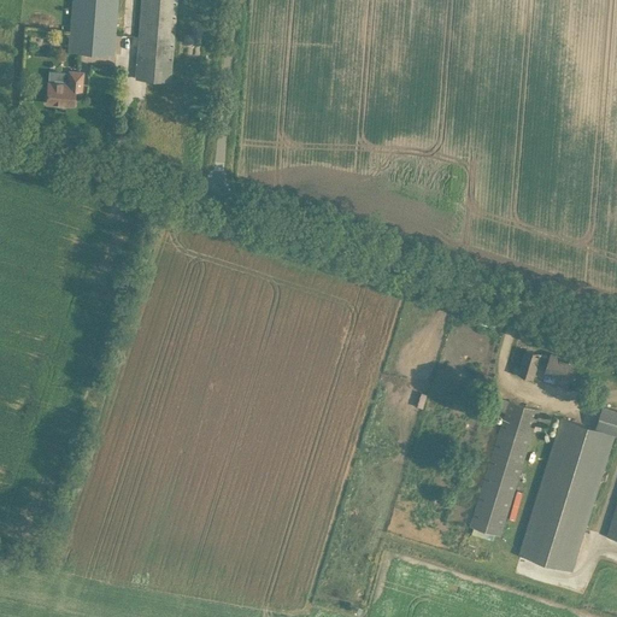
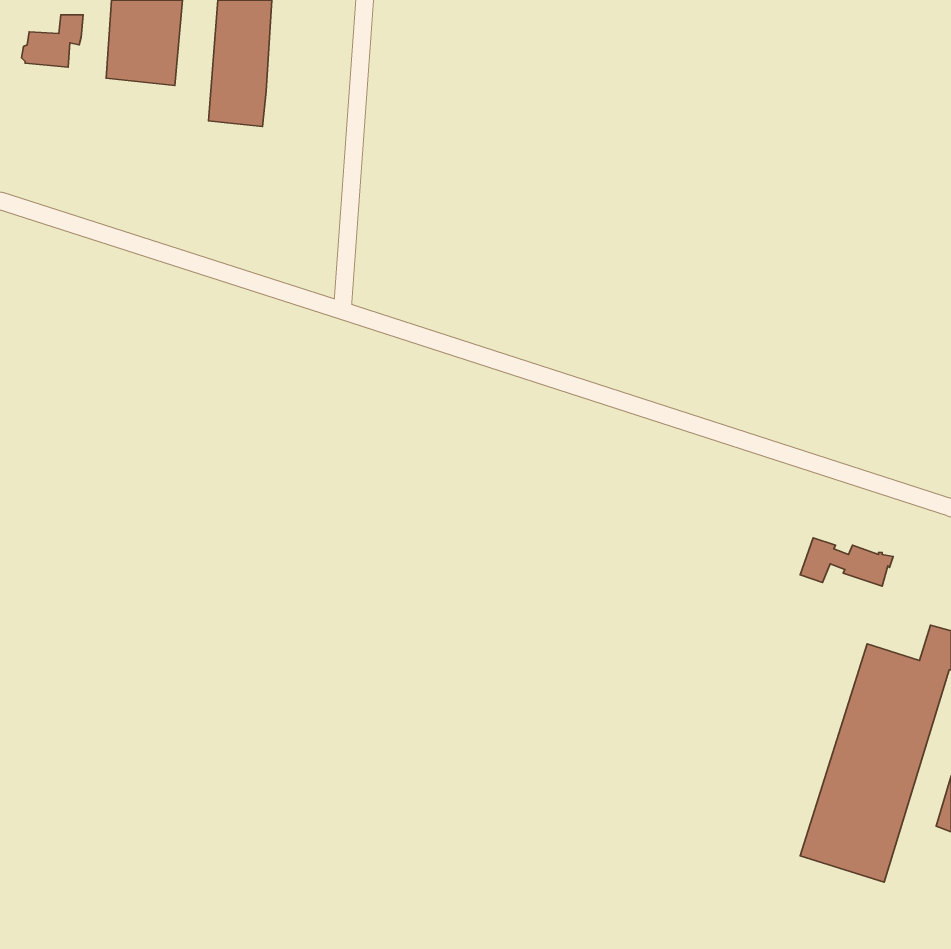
building: [43,72,83,106] -> [22,15,83,67]
building: [471,401,540,535] -> none

